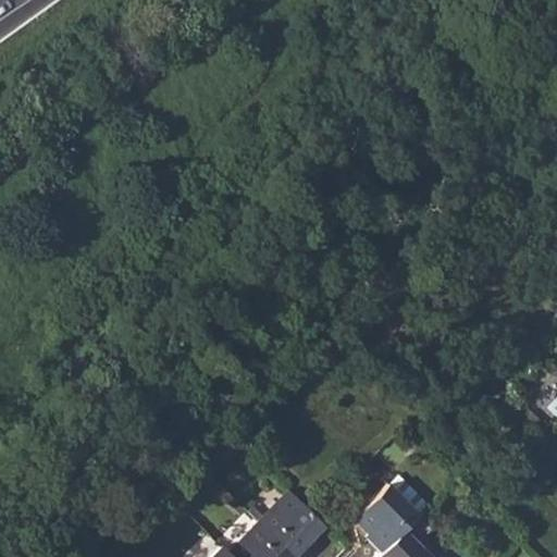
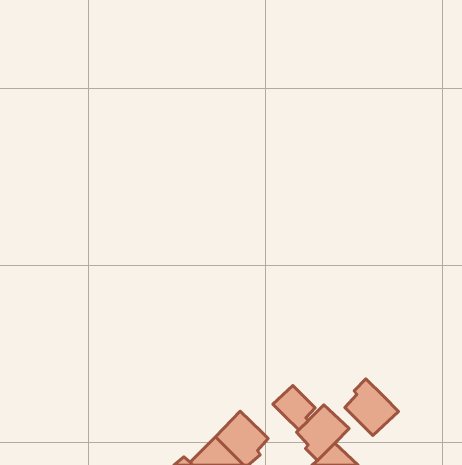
building: none -> [345,379,399,435]
building: none -> [273,385,315,430]

